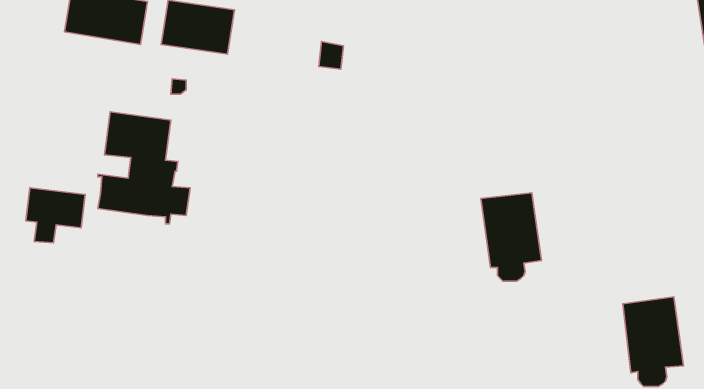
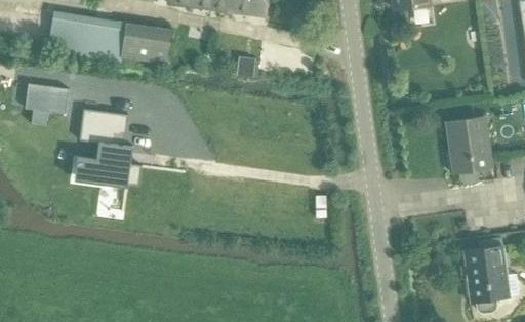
building: [26,188,85,243] -> [26,83,70,124]
building: [481,193,542,281] -> [446,117,491,183]

